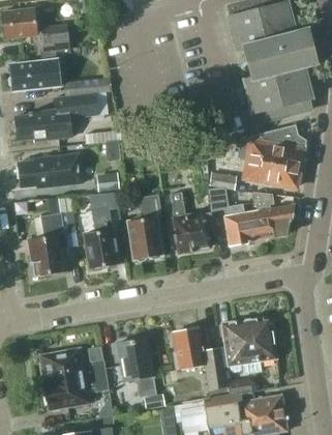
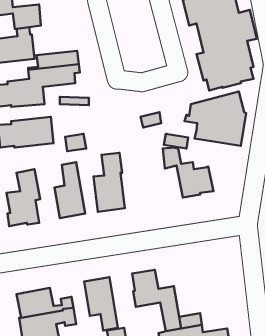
building: [252,192,294,237] -> none
building: [171,199,214,252] -> none
building: [222,317,276,373] -> none

